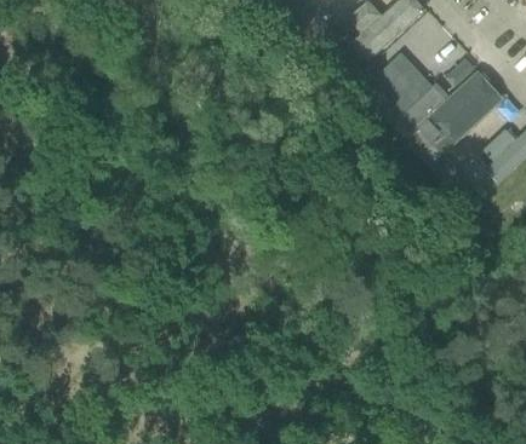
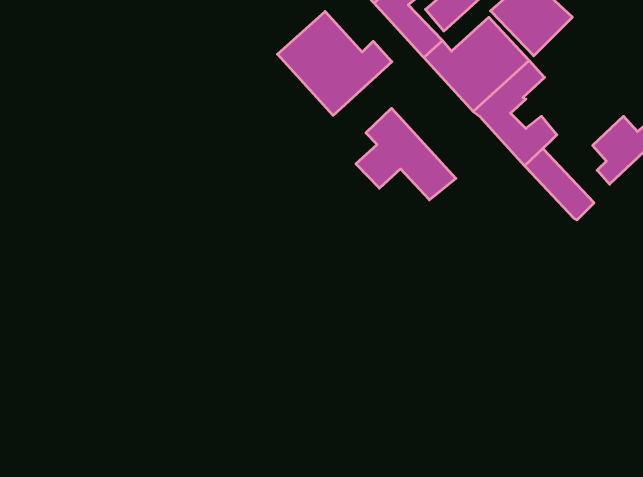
building: none -> [277,11,392,115]
building: [433,71,503,139] -> none
building: none -> [356,108,456,200]

